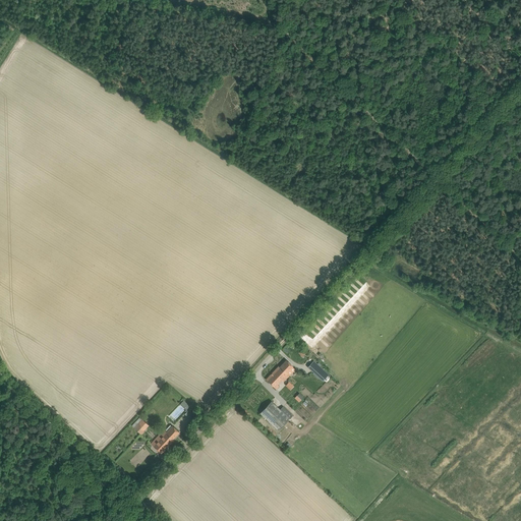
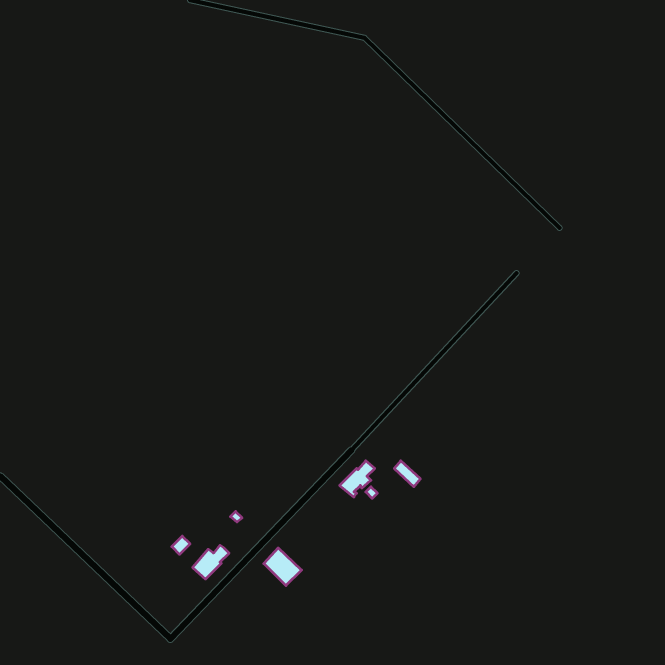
building: [260,401,290,430] -> [264,548,302,586]

